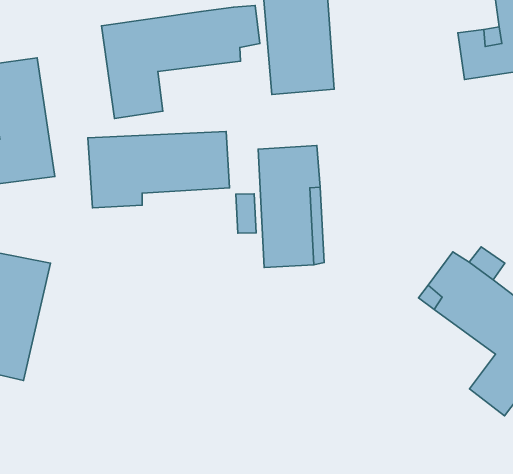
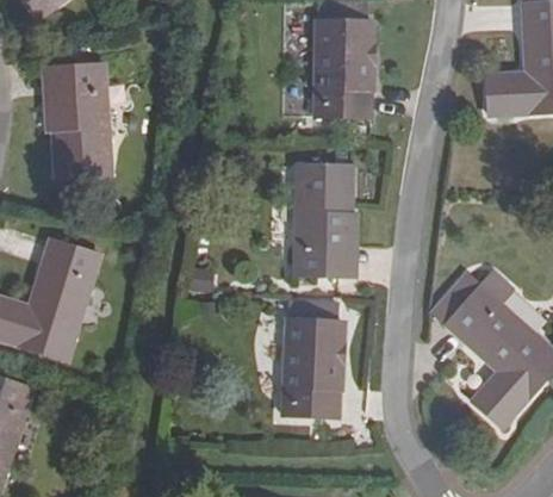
building: [101,6,260,119] -> none
building: [88,131,229,208] -> none
building: none -> [281,300,344,416]

